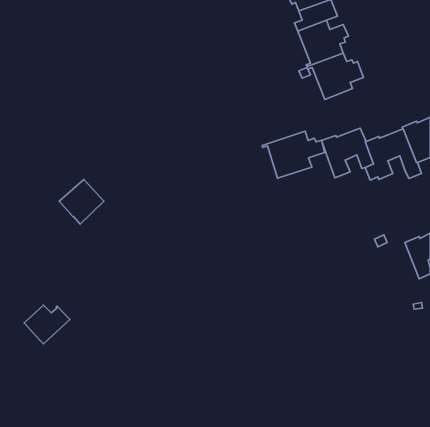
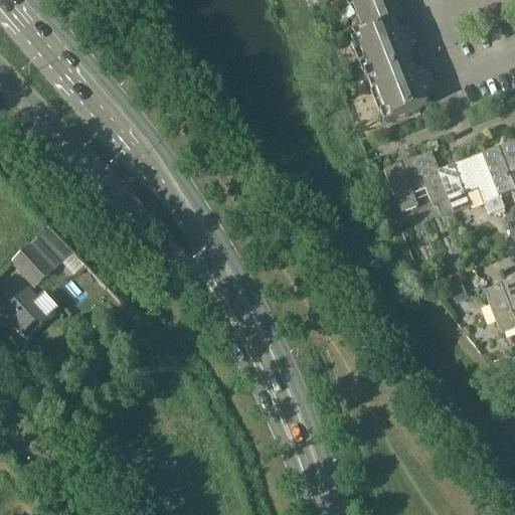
building: [262,131,325,178] -> none
building: [59,179,104,224] -> [11,233,64,287]
building: [24,305,70,344] -> [5,292,59,338]

